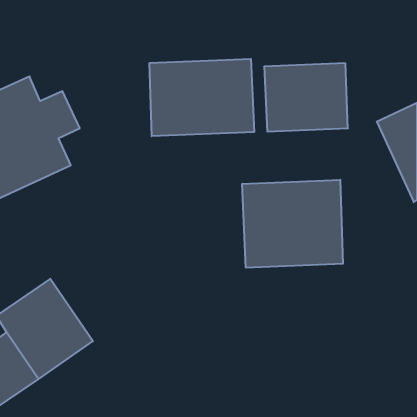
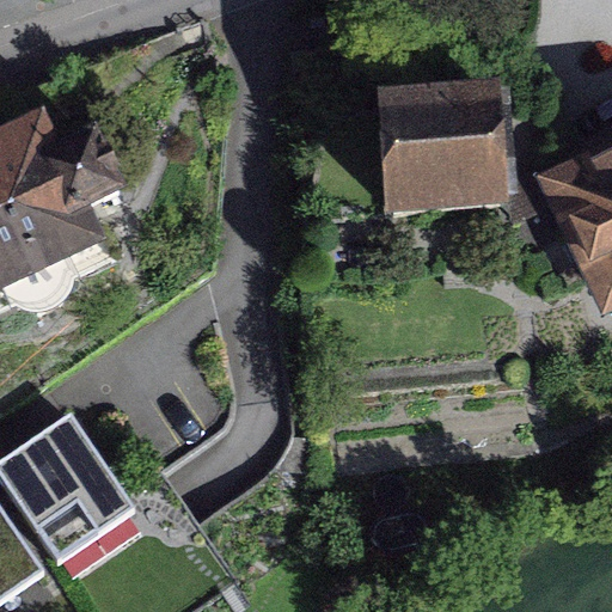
building: [150,59,254,136] -> none
building: [242,180,343,268] -> none

